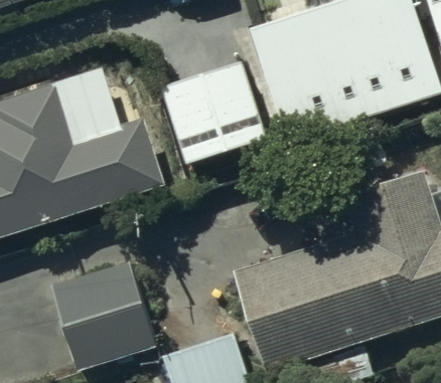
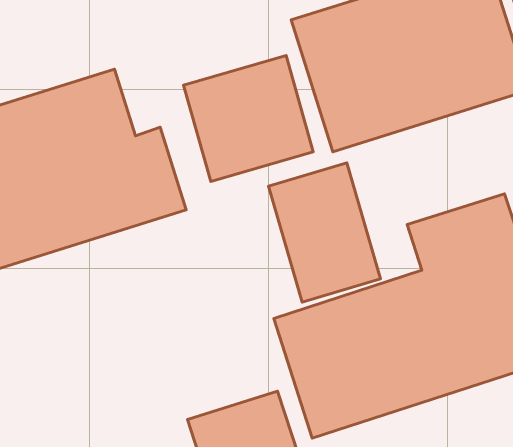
building: none -> [269,163,380,302]
building: [51,261,154,368] -> none

